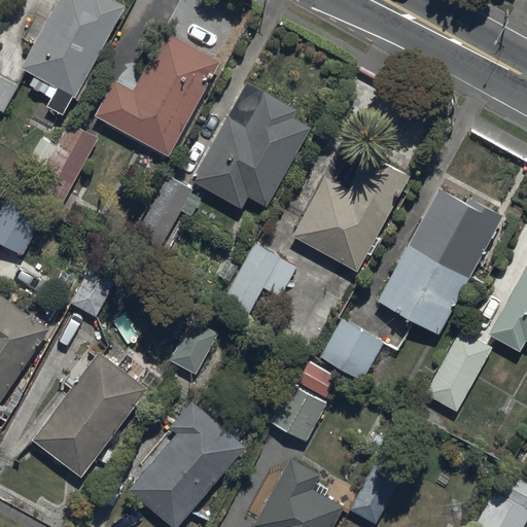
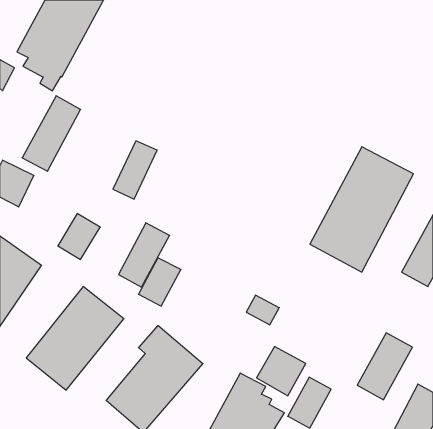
building: [94,31,220,156] -> none
building: [189,80,309,210] -> none
building: [292,143,413,273] -> none
building: [219,241,281,319] -> [119,223,170,287]
building: [319,319,385,383] -> none
building: [424,331,491,413] -> [357,333,412,400]
building: [268,384,327,444] -> [257,347,306,396]

